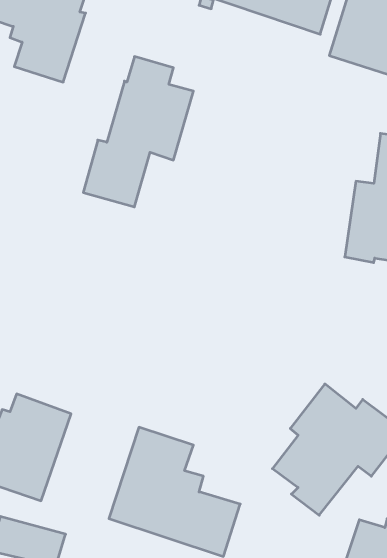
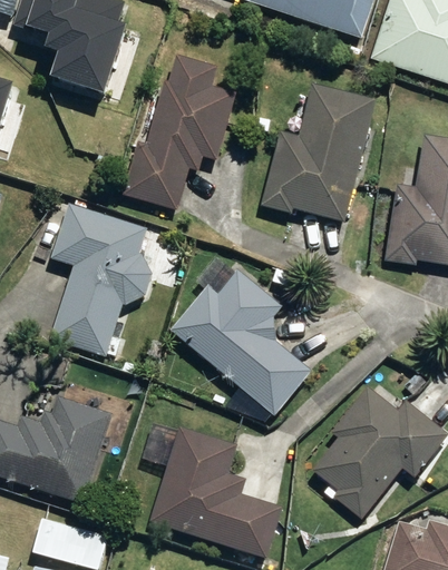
building: none -> [262,88,372,222]
building: none -> [50,205,150,355]
building: none -> [169,271,311,415]

